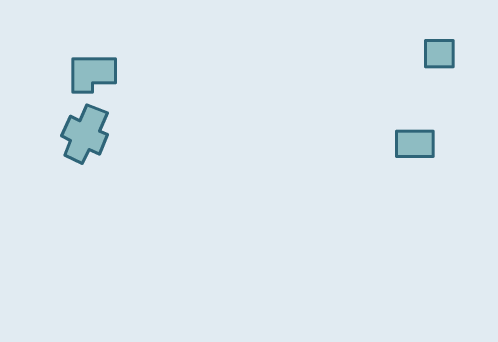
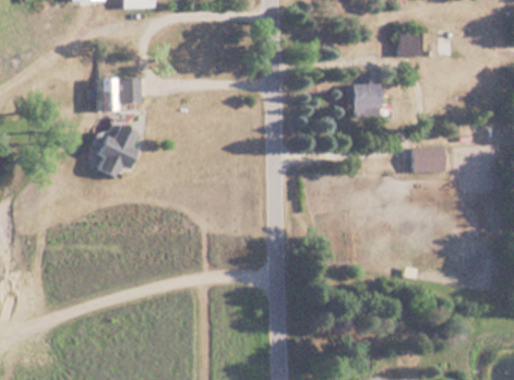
building: [426,40,453,67] -> [399,29,426,55]
building: none -> [351,83,381,118]

